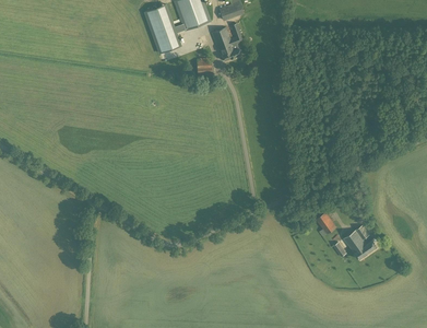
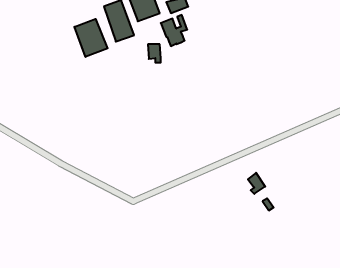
building: none -> [74,19,108,57]
building: [344,224,377,258] -> none

